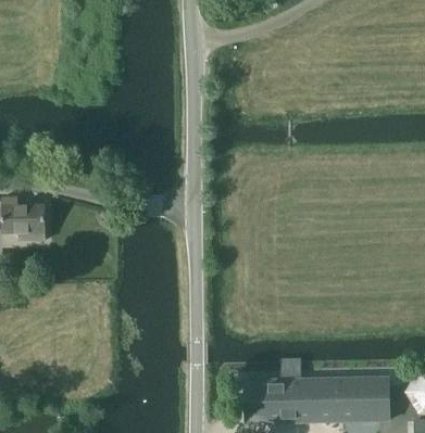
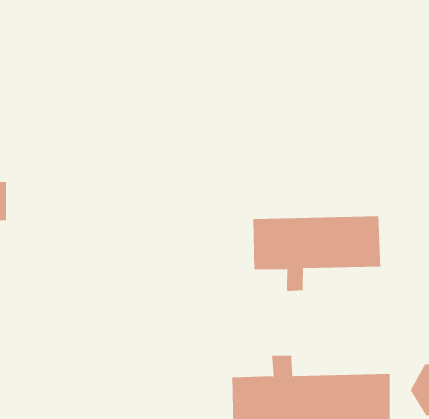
building: none -> [253,215,381,292]

